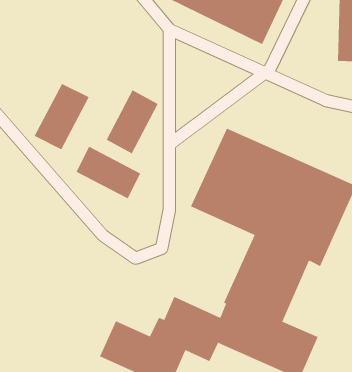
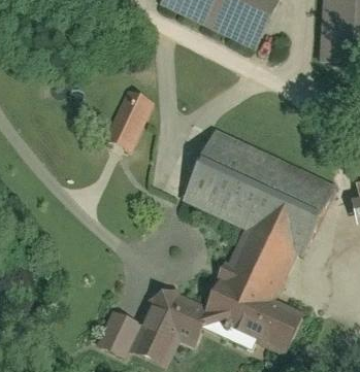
building: [34,83,89,150] -> none
building: [76,146,141,199] -> none

